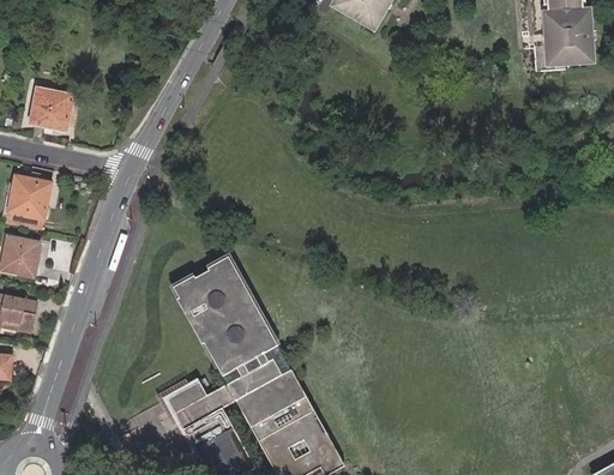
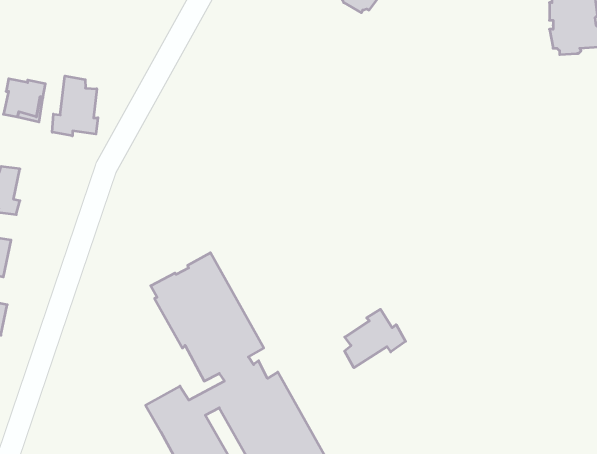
building: none -> [52,76,98,136]
building: none -> [345,309,406,368]

